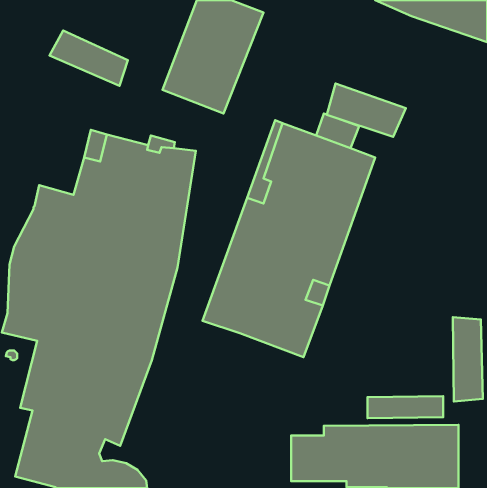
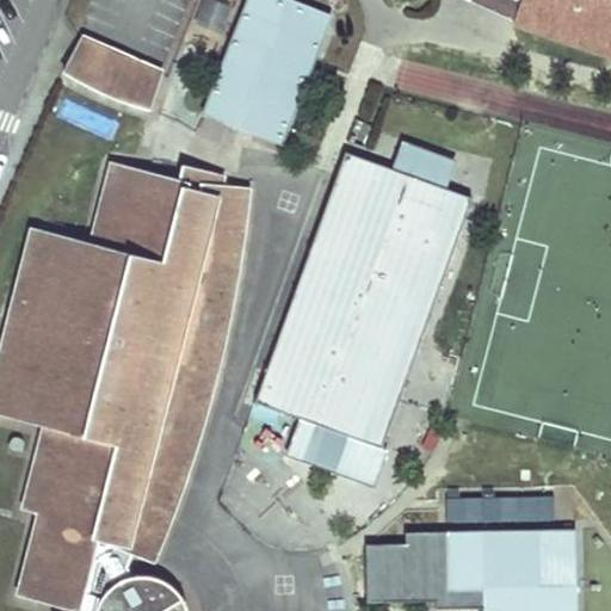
building: [327,83,406,137] -> none
building: [453,317,483,402] -> none
building: none -> [285,416,384,485]

